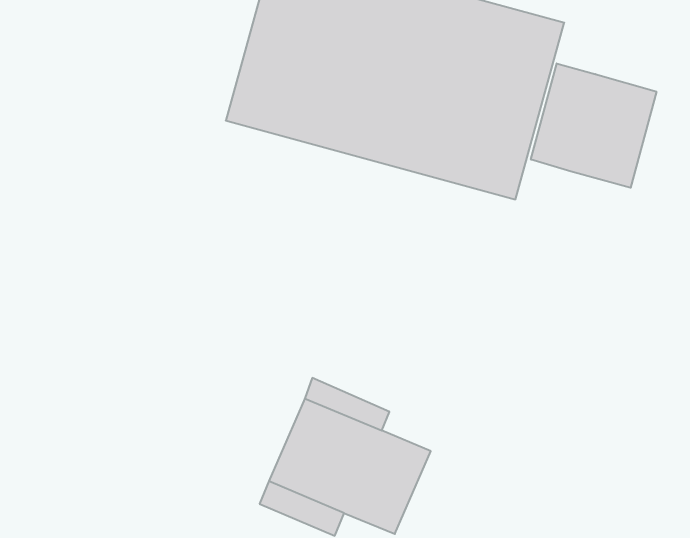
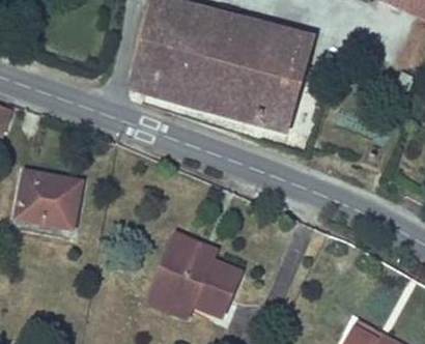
building: [531,63,656,188] -> none
building: none -> [12,170,84,229]

